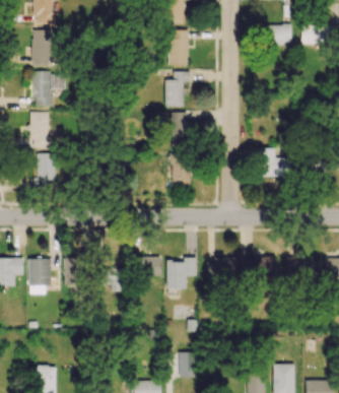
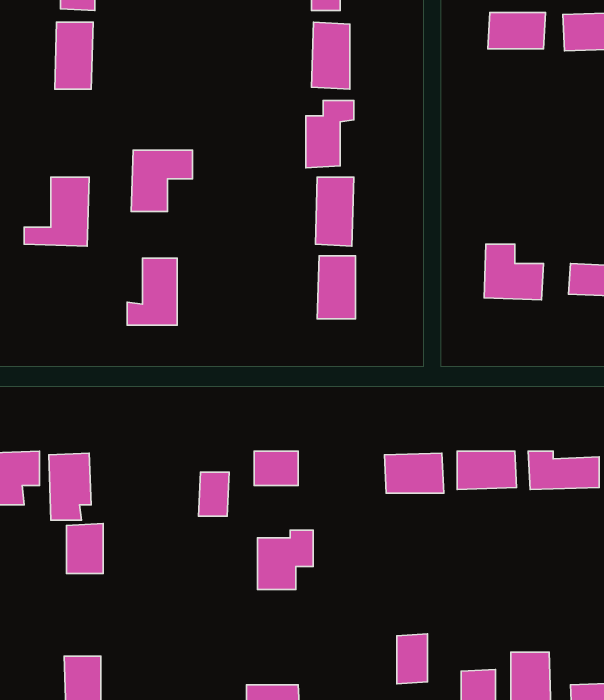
building: [33,73,66,106] -> [131,150,192,211]
building: [29,153,56,189] -> [127,258,177,325]
building: [167,257,197,288] -> [258,530,313,589]
building: [65,258,84,284] -> [67,524,103,573]
building: [181,351,197,378] -> [397,634,427,684]

